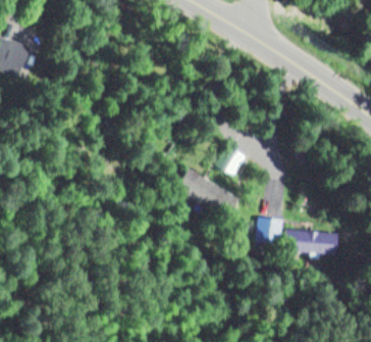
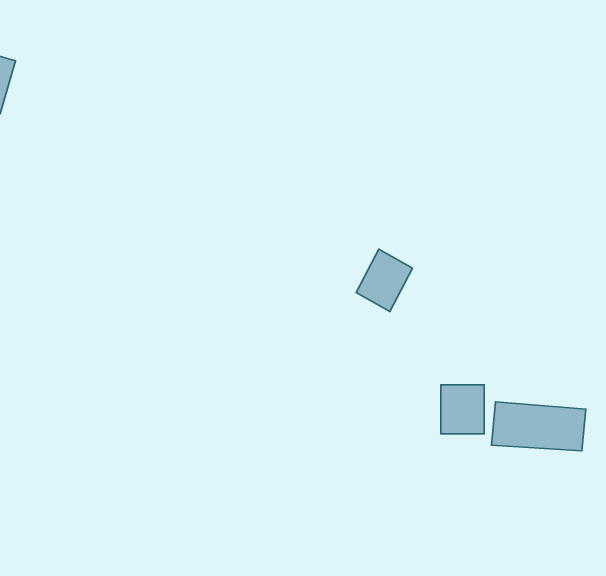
building: [174,168,240,218] -> none

